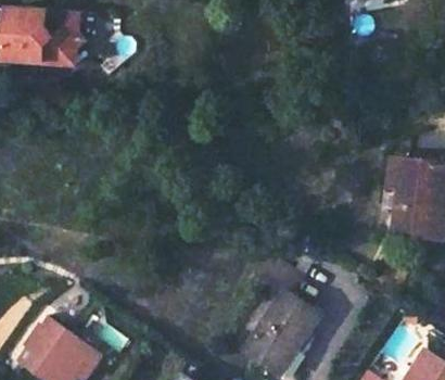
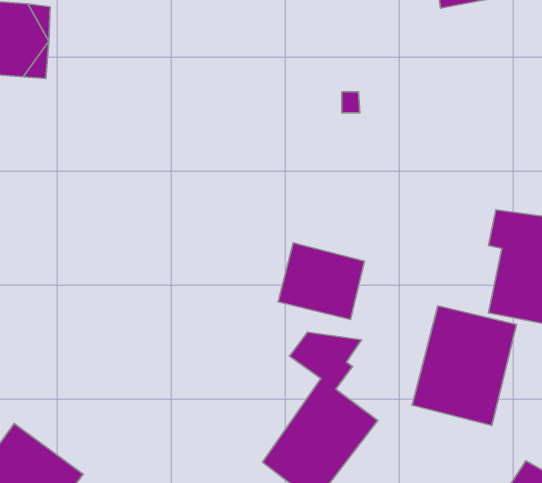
building: none -> [278,243,364,319]
building: none -> [412,306,517,425]

